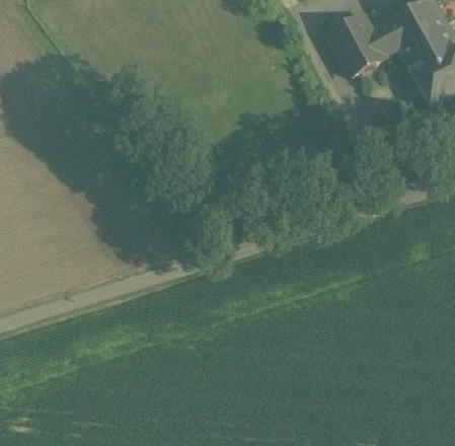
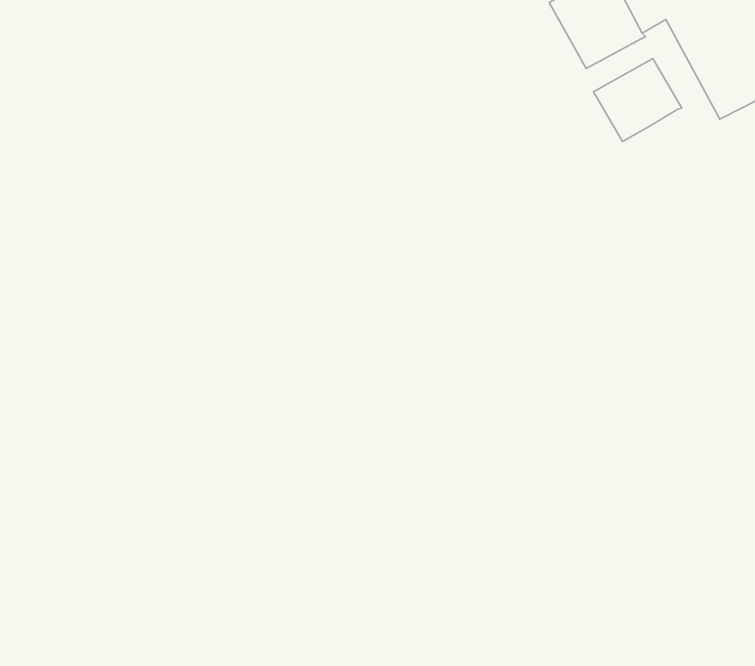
building: none -> [593,58,682,142]

